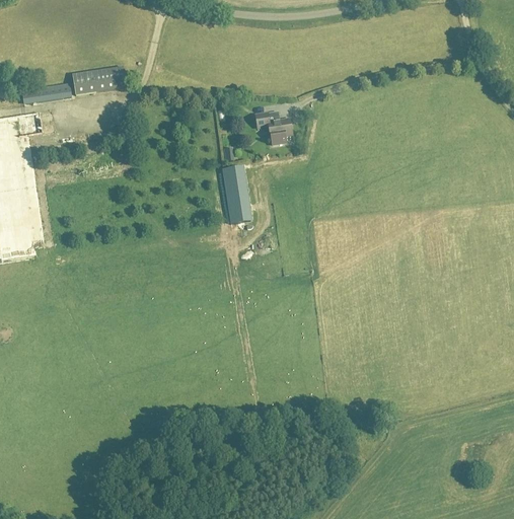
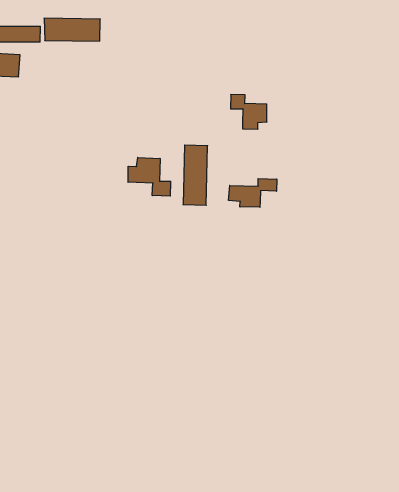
building: none -> [128,157,171,196]
building: none -> [229,179,277,207]

